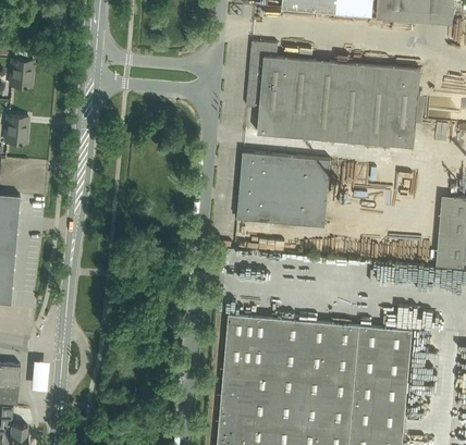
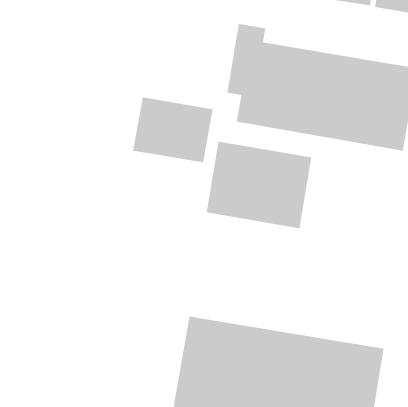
building: none -> [132,96,214,163]

